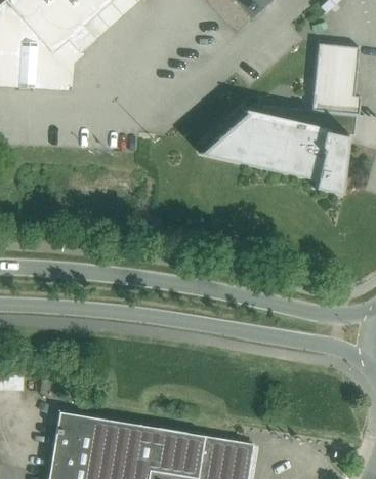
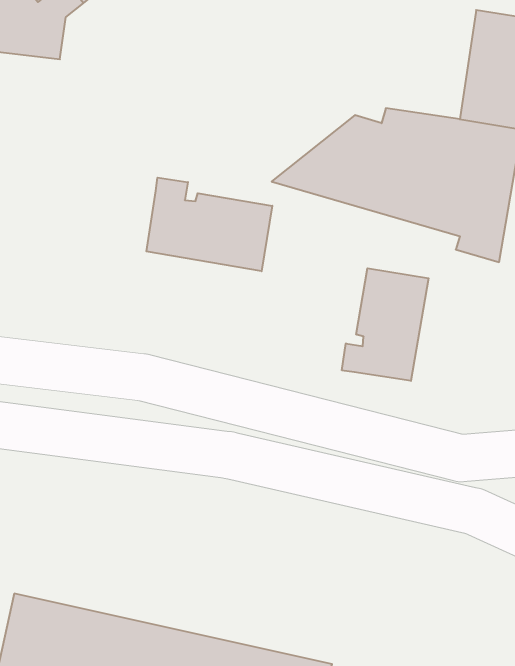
building: none -> [146,178,272,271]
building: none -> [342,268,429,381]

